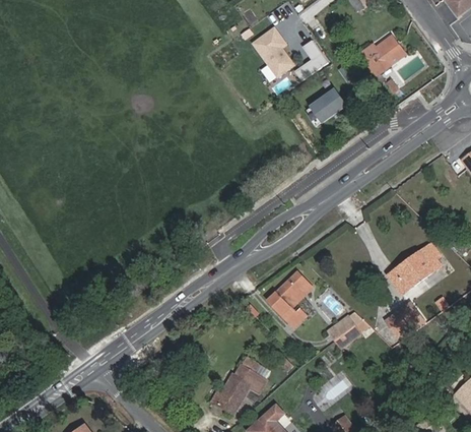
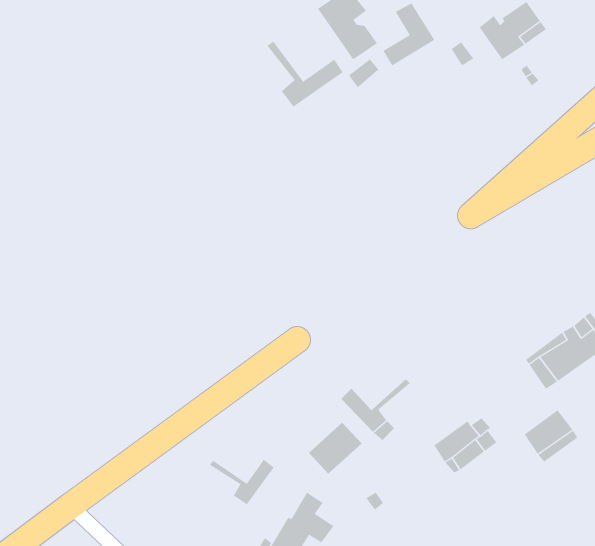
building: none -> [266,41,343,107]
building: [311,87,346,122] -> none
building: [275,270,311,305] -> [308,422,362,475]
building: none -> [209,459,275,505]

